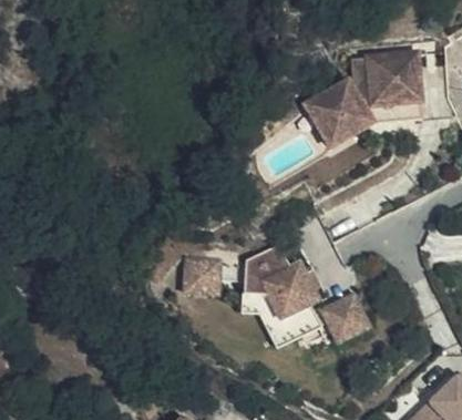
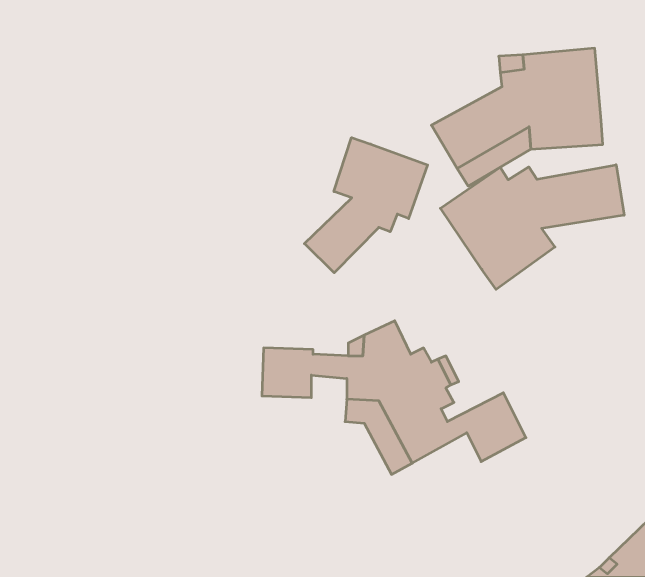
building: none -> [304,138,428,273]
building: none -> [440,165,624,289]

